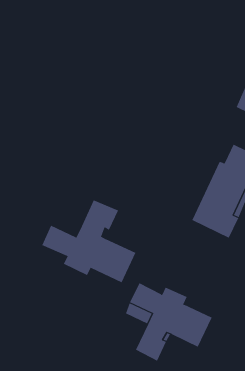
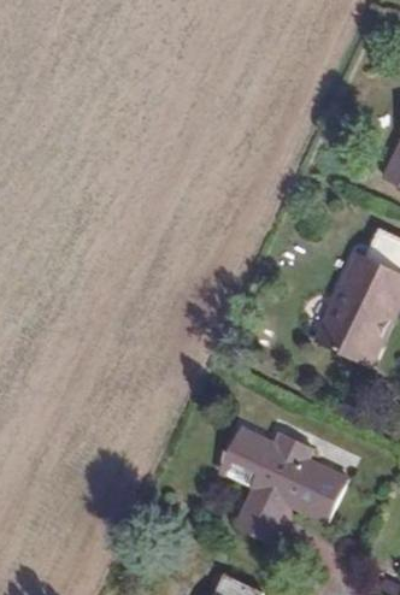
building: [42,199,136,283] -> none

